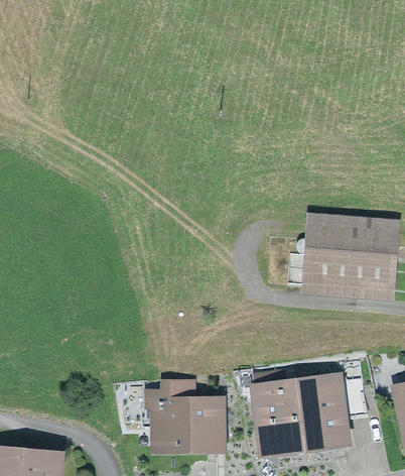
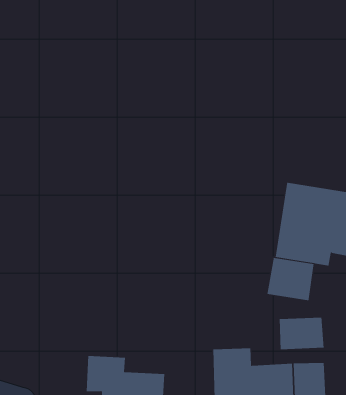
building: none -> [267,257,314,301]
building: none -> [279,317,324,350]

